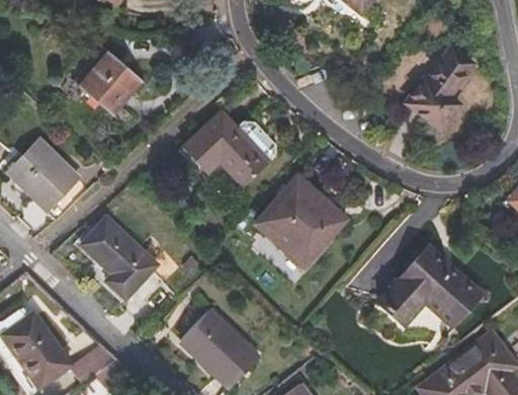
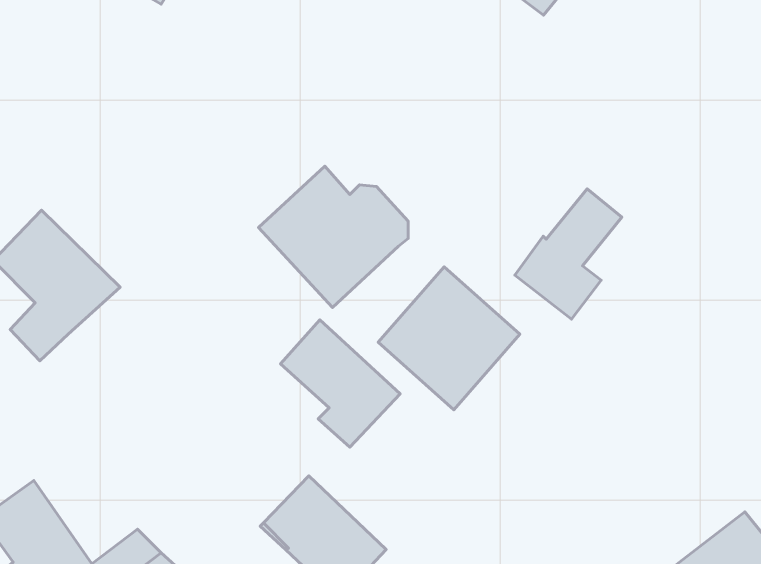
building: [406,46,474,130] -> [515,189,622,319]
building: [68,48,143,113] -> none
building: [81,216,158,298] -> [281,320,400,447]
building: [377,245,482,326] -> none

